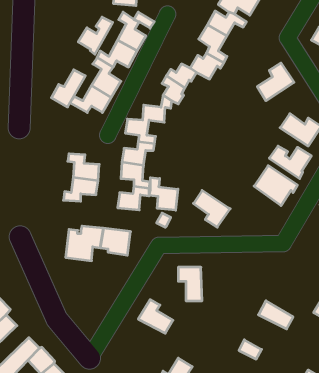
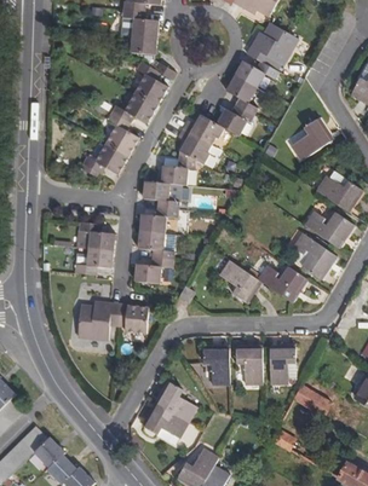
building: [78,17,113,54] -> none
building: [51,70,85,107] -> none
building: [149,178,178,210] -> none
building: none -> [258,266,304,302]
building: none -> [236,346,261,384]
building: none -> [269,346,295,384]
building: none -> [145,405,188,438]

